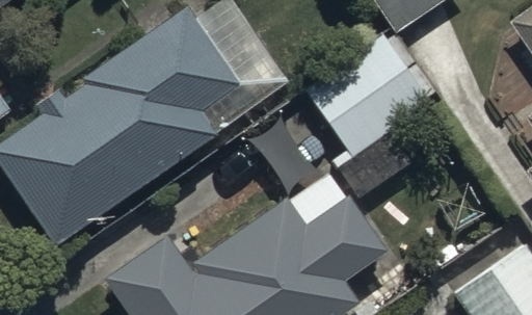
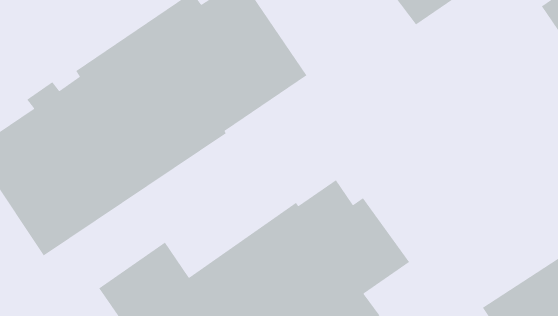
building: [303,33,432,200] -> none

